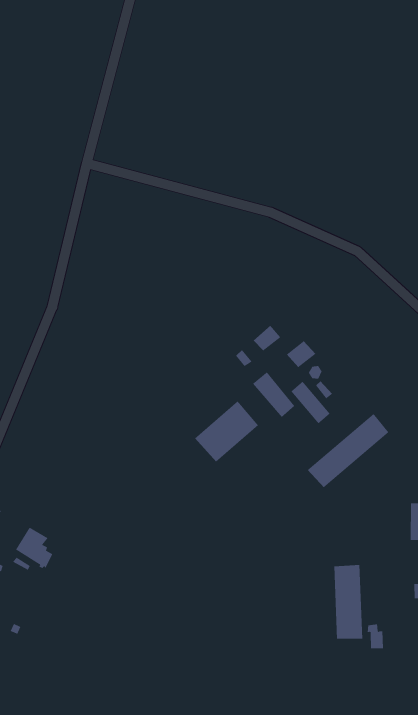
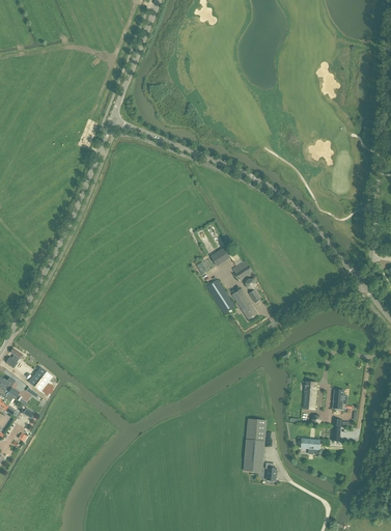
building: [194,401,259,462] -> none
building: [307,413,389,488] -> none

